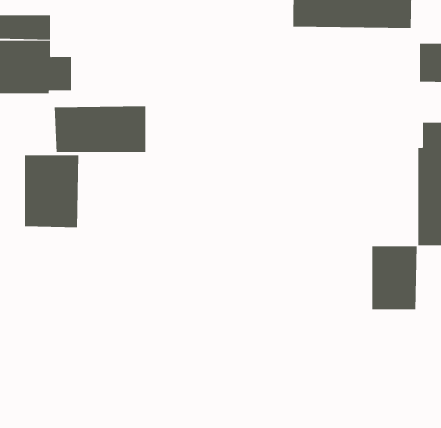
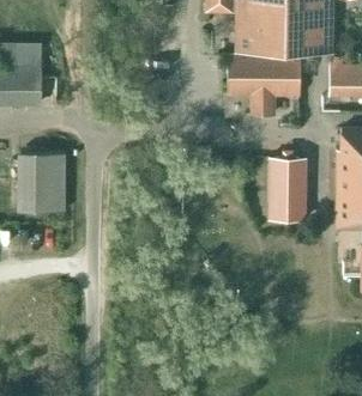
building: none -> [227,55,301,97]
building: [54,105,146,153] -> none
building: [371,246,418,310] -> [269,157,306,208]

